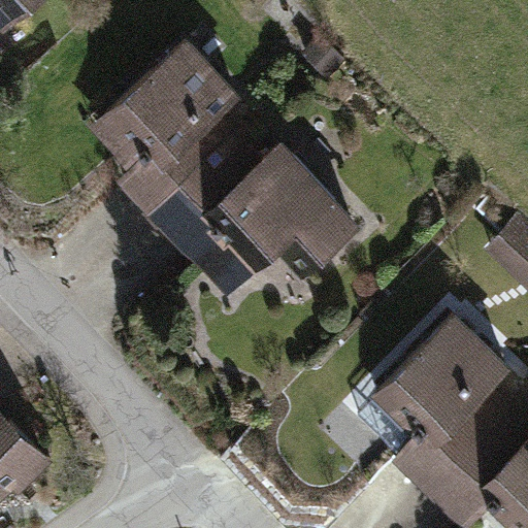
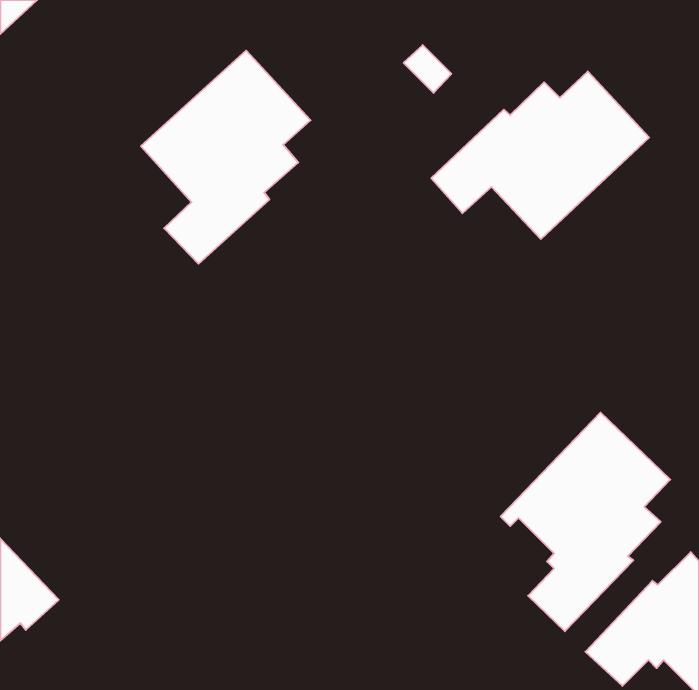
building: none -> [431,71,649,239]
building: [165,145,354,291] -> none

